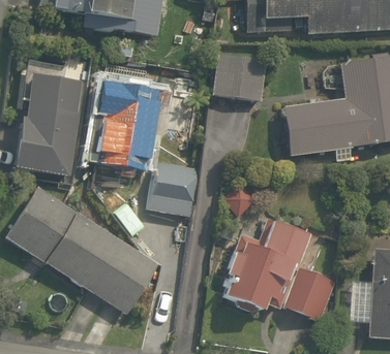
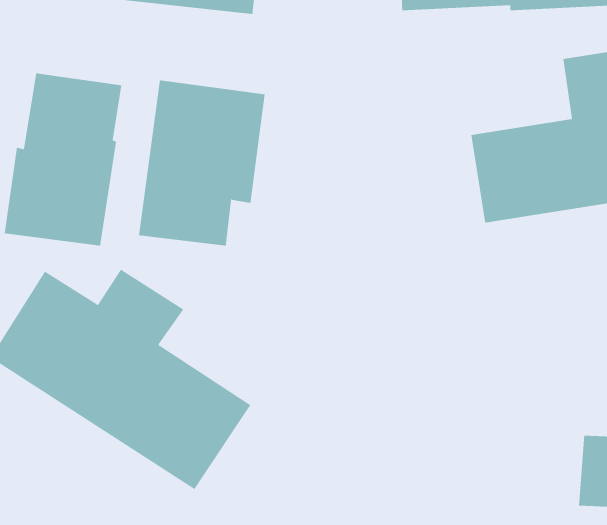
building: [213,50,266,97] -> none
building: [149,158,199,213] -> none
building: [222,224,333,319] -> none

